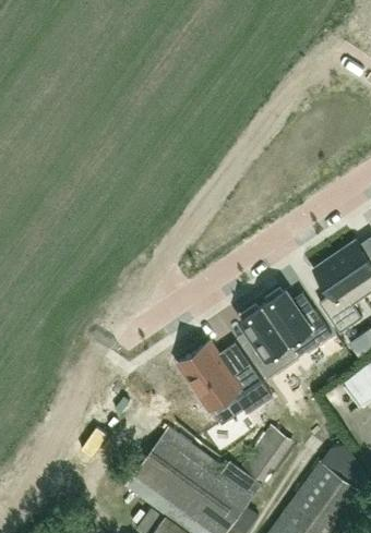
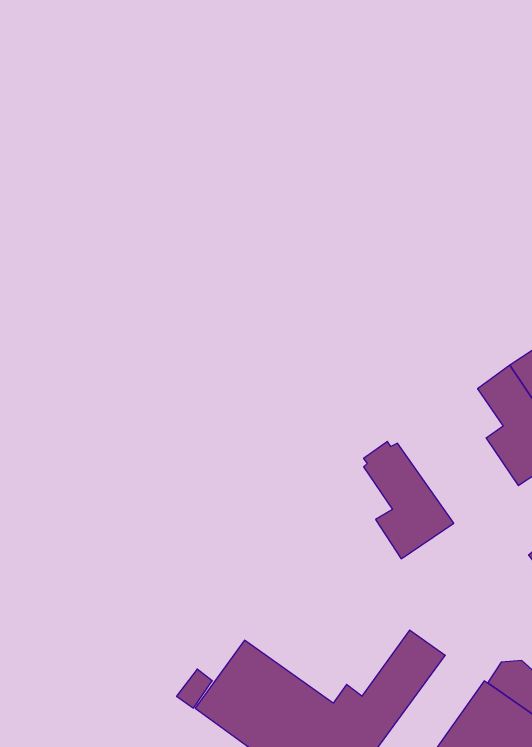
building: [263,289,332,358] -> none
building: [179,343,273,414] -> none

